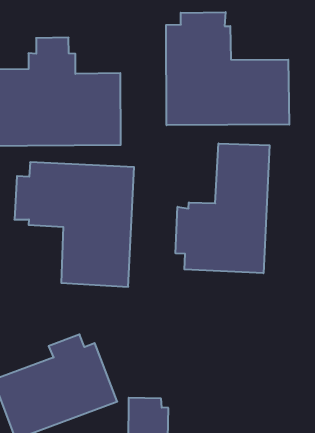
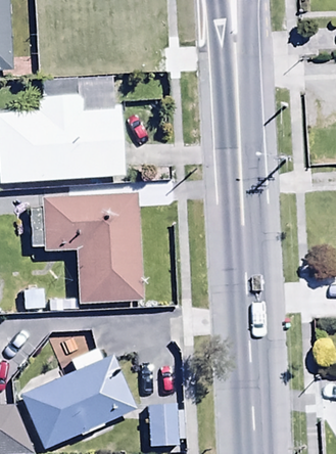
building: [166,12,289,125] -> none
building: [176,143,270,273] -> none

